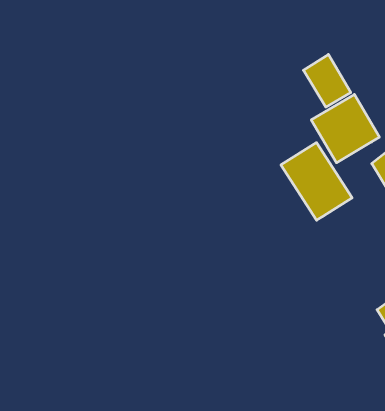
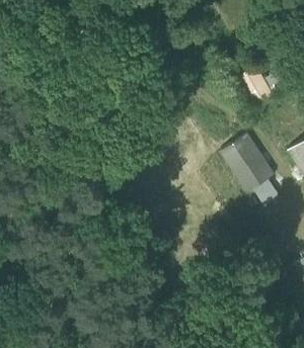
building: [311,94,379,163] -> none

